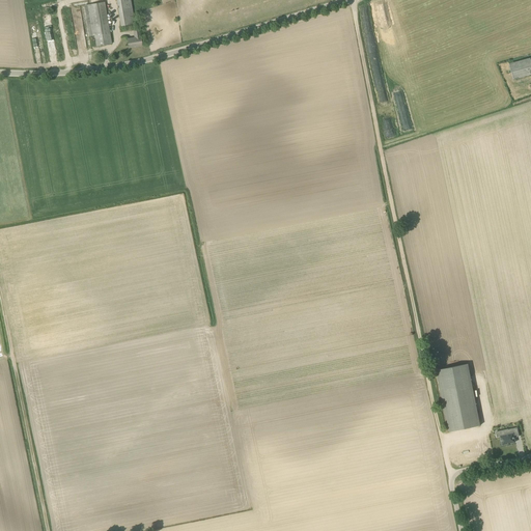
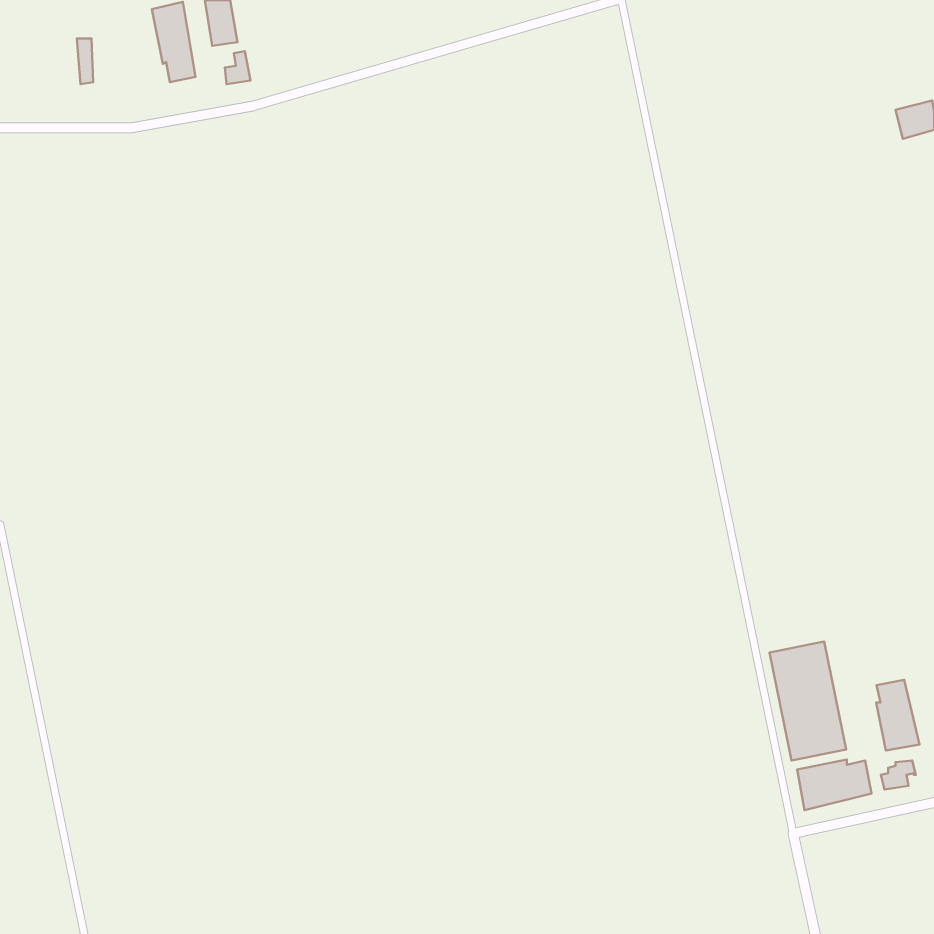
building: none -> [876,680,920,750]
building: none -> [797,760,871,810]

